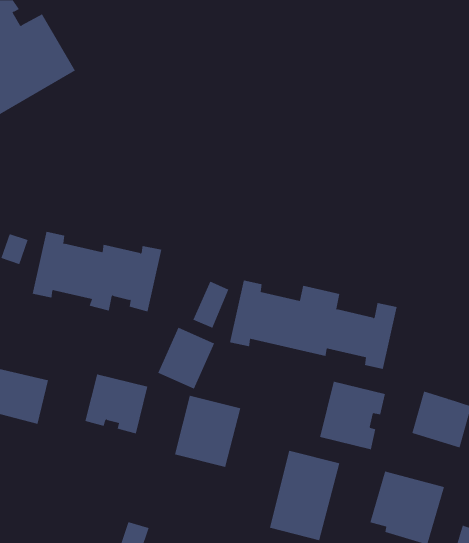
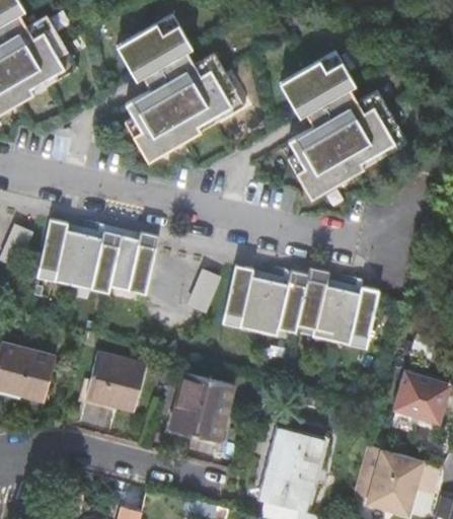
building: none -> [116,13,244,163]
building: none -> [279,51,407,200]
building: [158,327,215,390] -> none
building: [319,381,385,450] -> none

